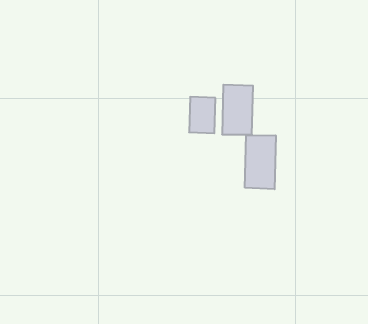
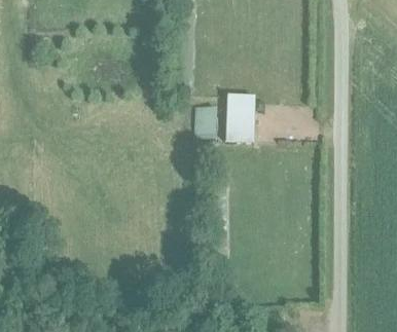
building: [245,135,276,189] -> none

